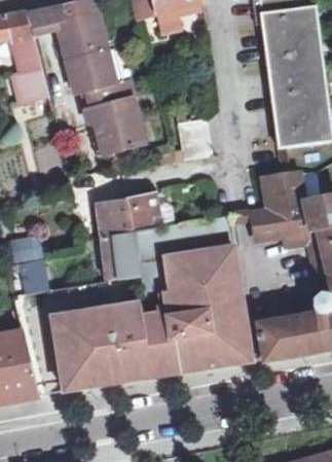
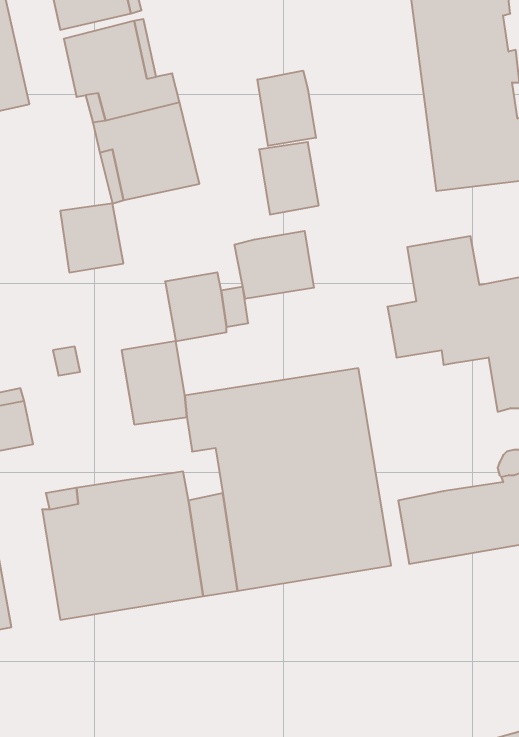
building: none -> [257,71,316,146]
building: none -> [235,231,314,299]
building: [95,199,131,238] -> [60,204,123,272]

